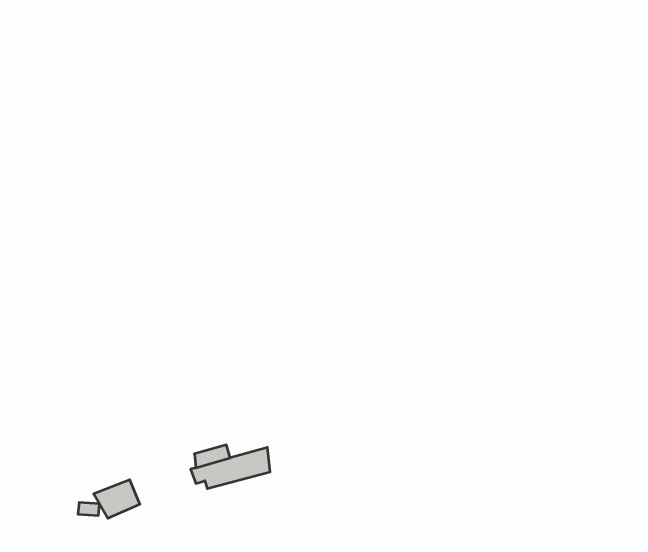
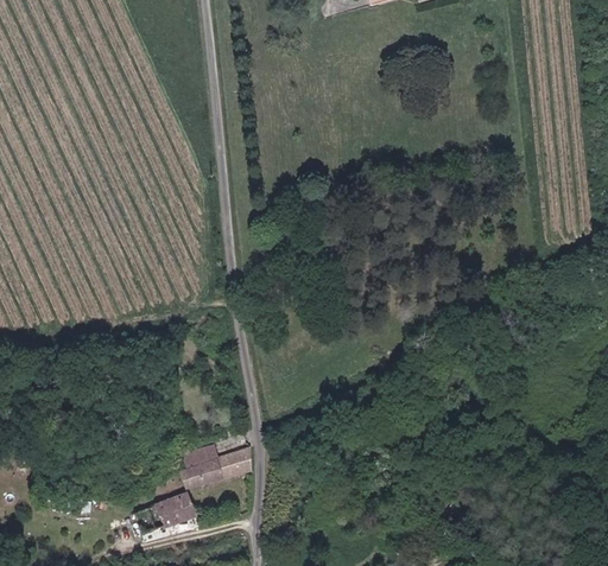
building: [94,480,140,518] -> [153,492,196,528]

